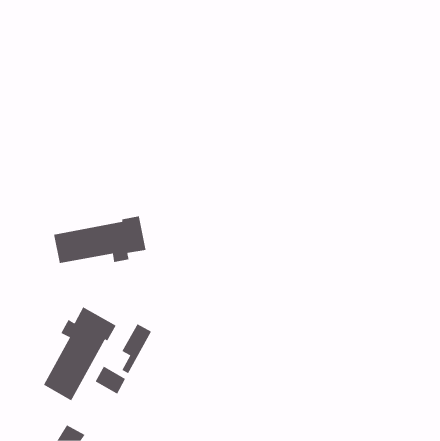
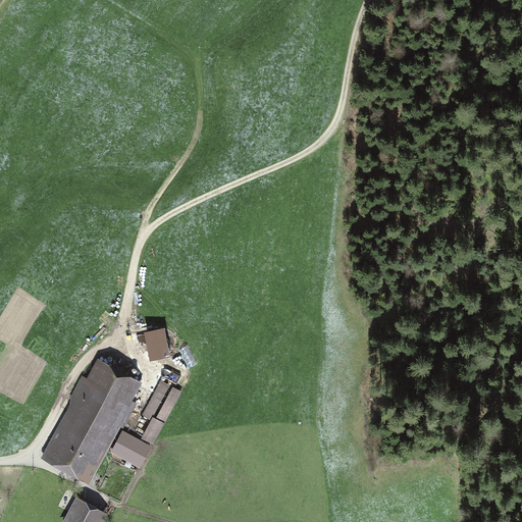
building: [53,215,146,264] -> none
building: none -> [146,330,166,358]

